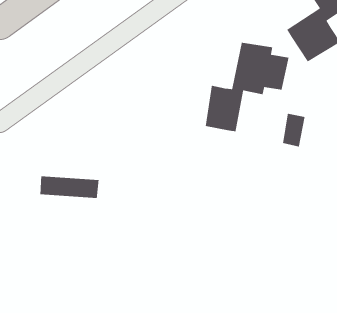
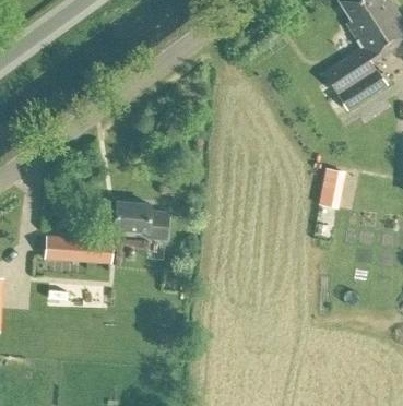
building: [205,42,289,132] -> none
building: none -> [114,202,167,239]

